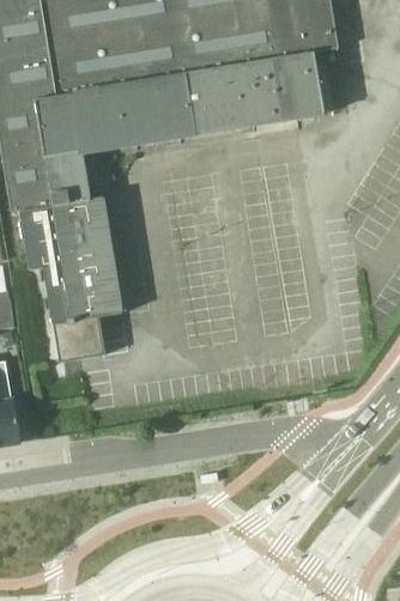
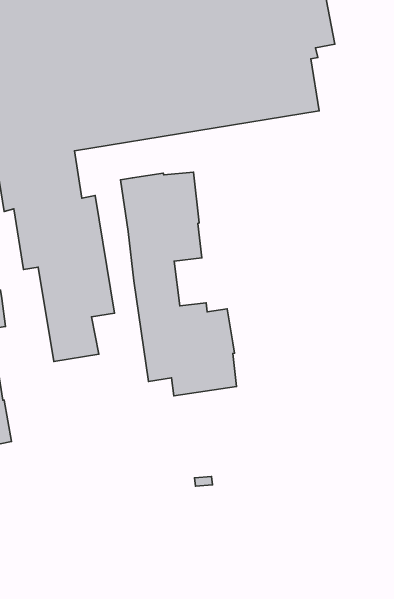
building: none -> [120,172,237,396]

